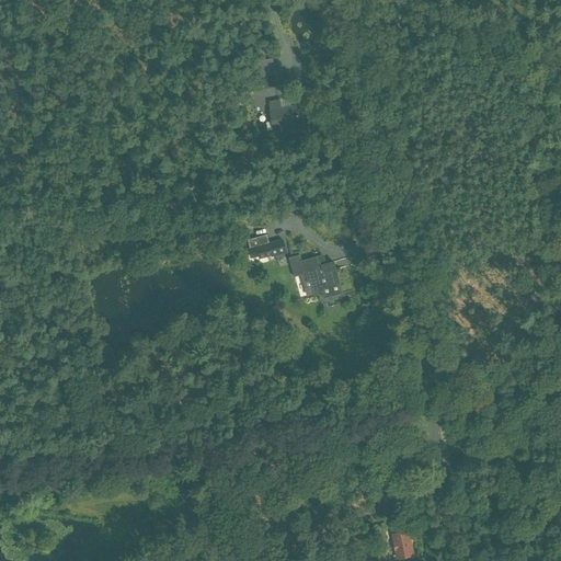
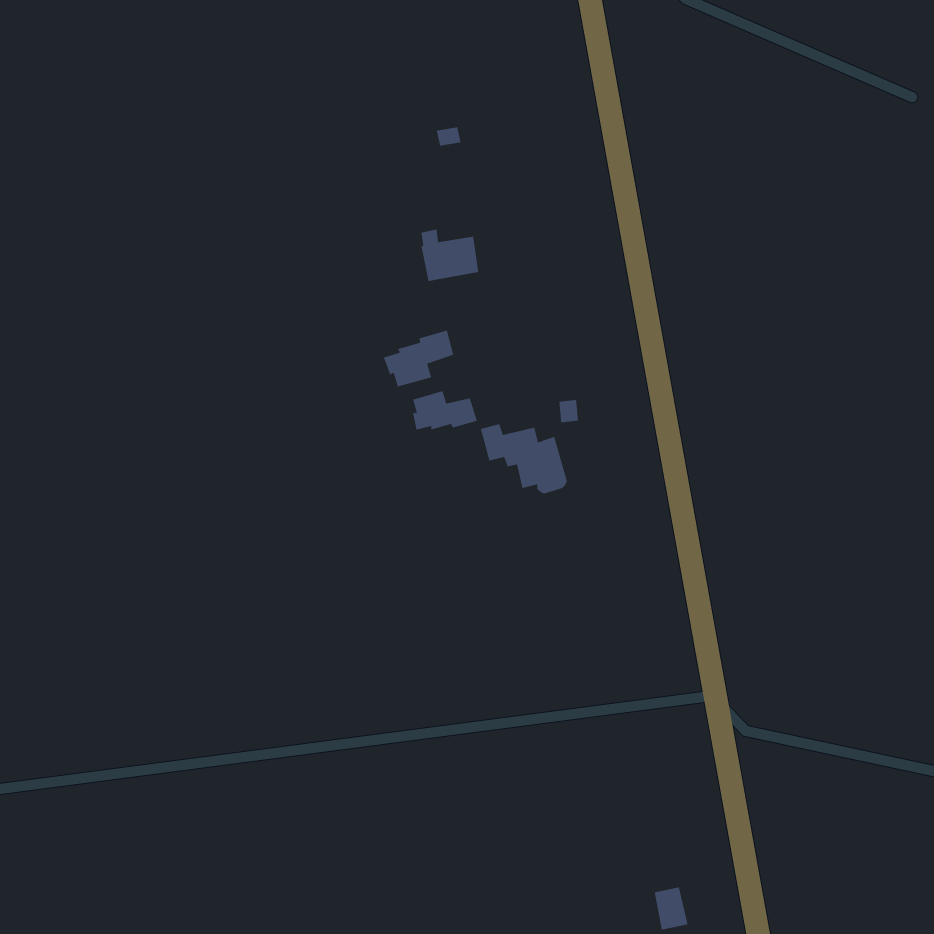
building: [268,99,304,130] -> [421,229,479,282]
building: none -> [383,329,454,388]

